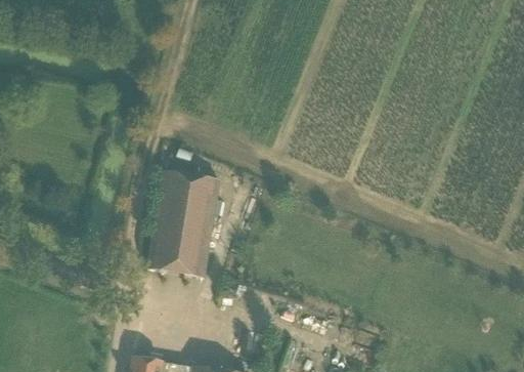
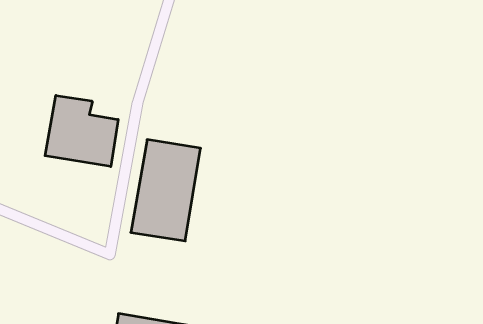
building: none -> [45,95,118,167]

